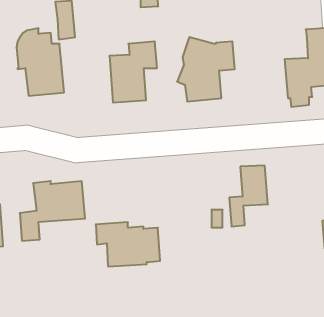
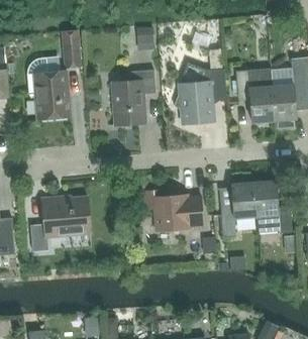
building: none -> [235,69,275,123]
building: none -> [253,181,292,233]
building: [96,222,160,266] -> [144,191,203,231]

